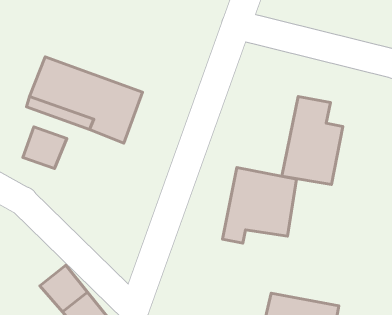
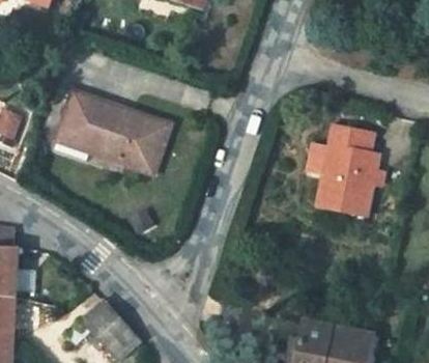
building: [23,127,67,168] -> none
building: [223,167,296,243] -> none

